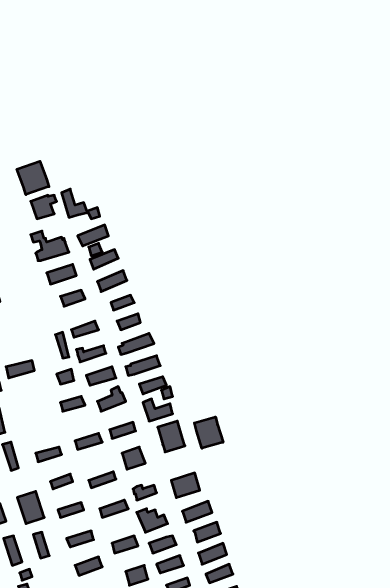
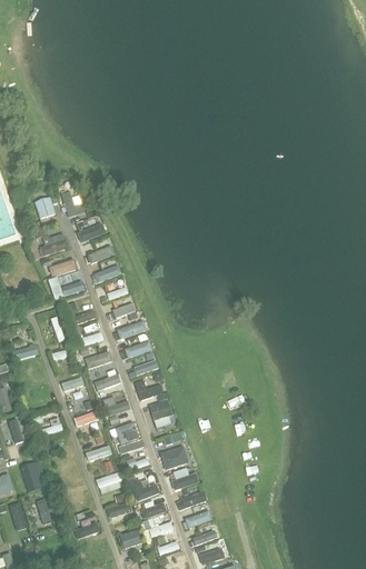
building: [17,161,49,195] -> none
building: [194,417,223,448] -> none

